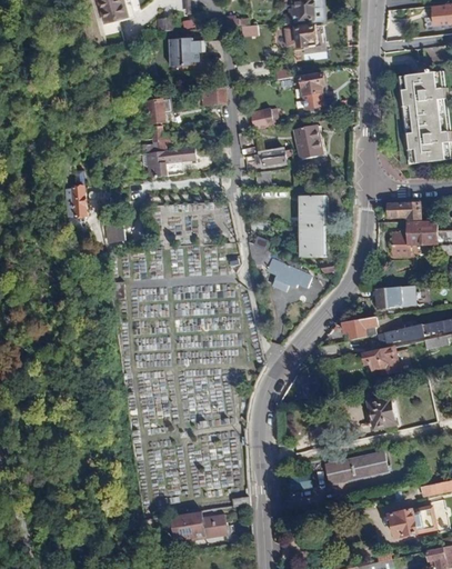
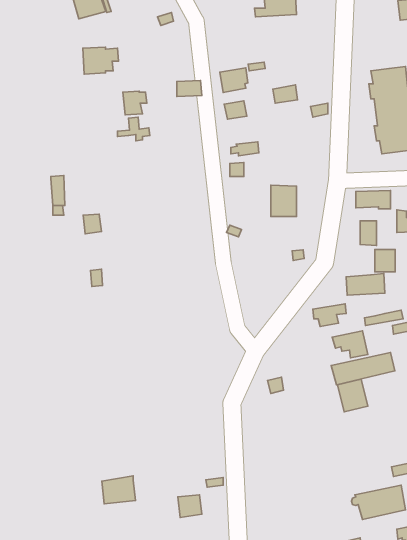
building: [291,22,317,48] -> none
building: [169,38,205,66] -> [83,47,119,74]
building: [298,70,327,96] -> [220,68,248,93]
building: [295,124,324,160] -> none
building: [148,148,197,177] -> none
building: [408,220,429,243] -> [375,249,395,272]
building: [299,227,327,257] -> none
building: [263,251,313,291] -> none
building: [324,450,390,483] -> [331,352,395,385]
building: [171,511,205,540] -> [102,476,135,504]

